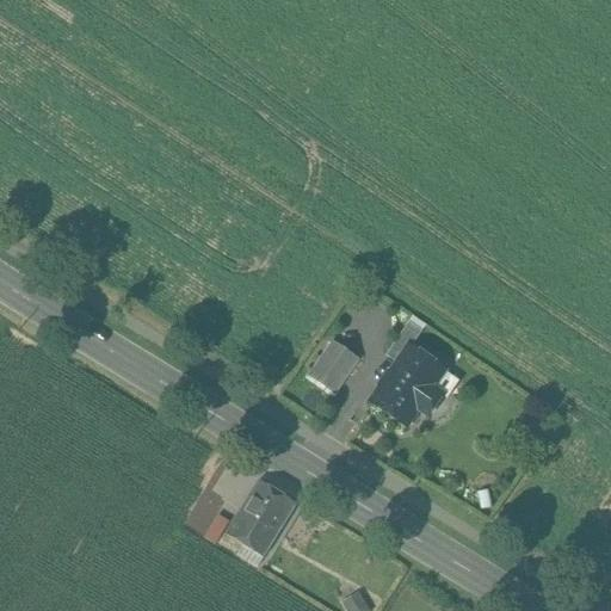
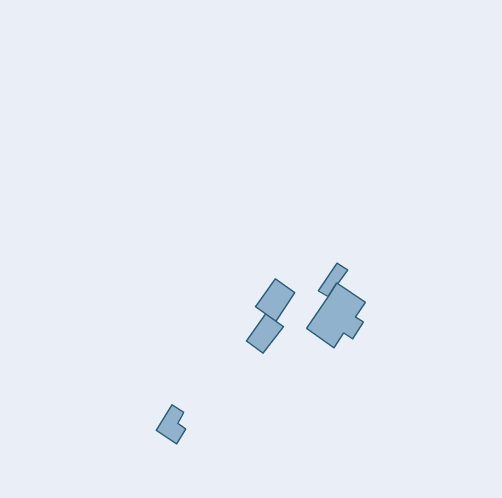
building: none -> [246,314,283,353]
building: [227,479,296,554] -> none

